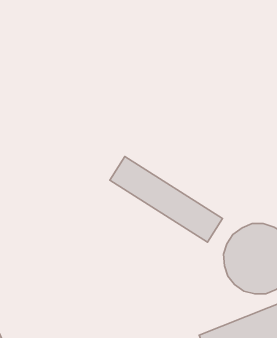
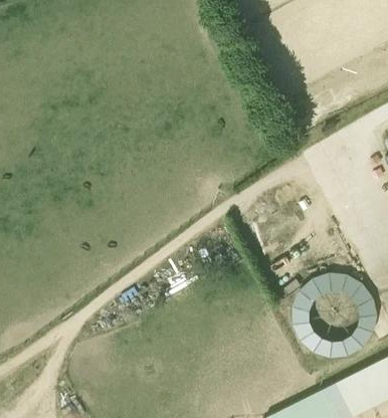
building: [110,156,222,242] -> none

